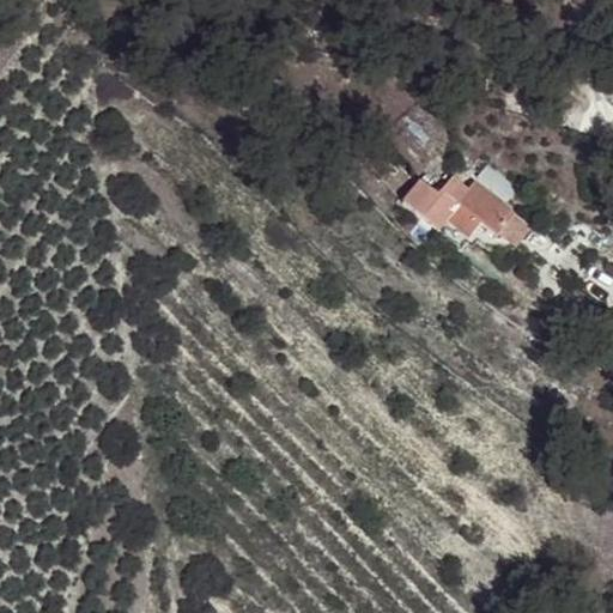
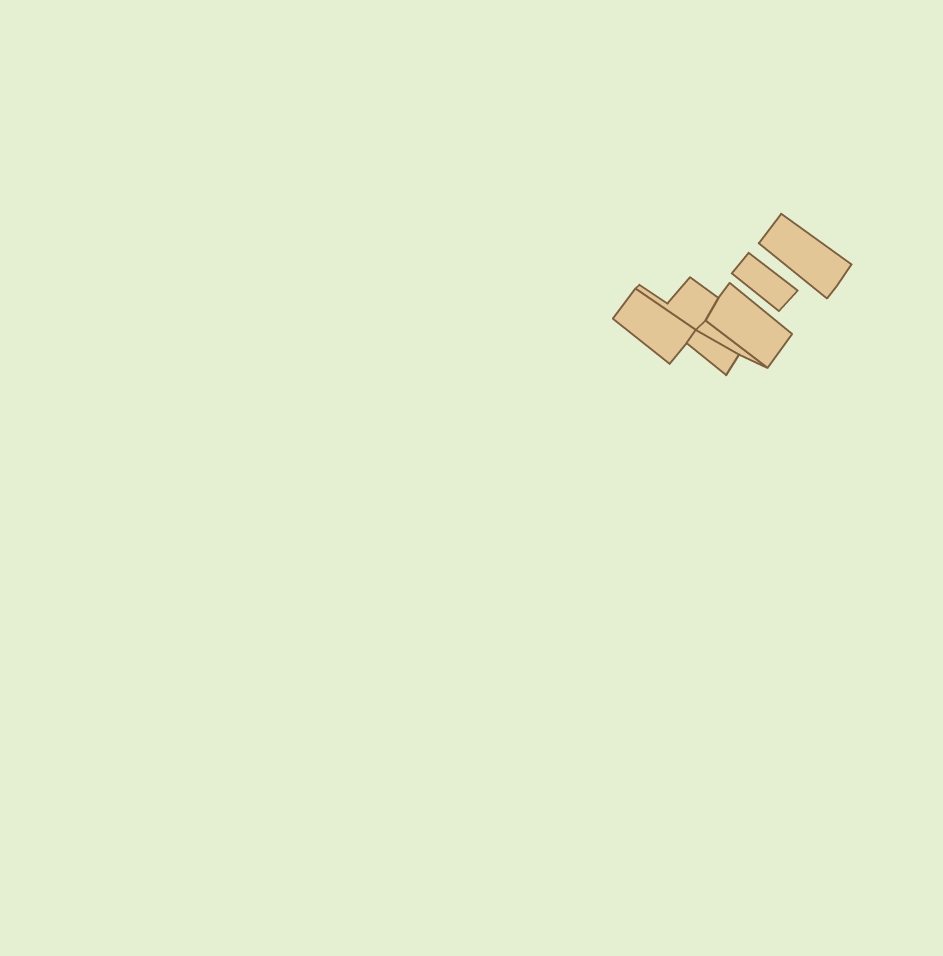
building: none -> [759,214,852,298]

